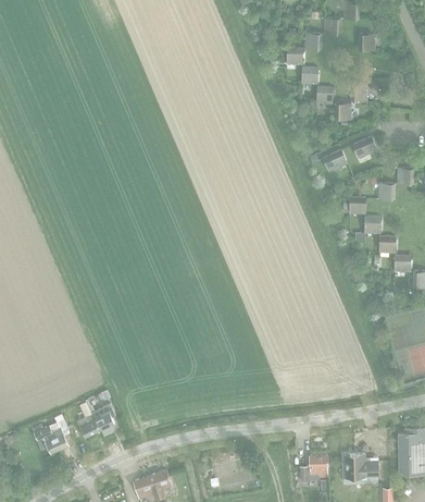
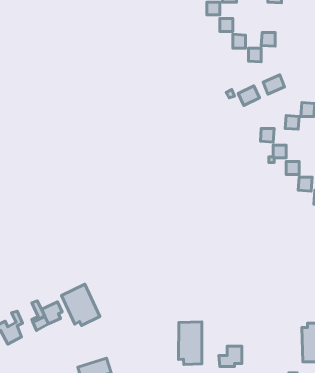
building: none -> [62,284,100,325]
building: none -> [179,322,202,364]
building: [342,454,378,477] -> none

